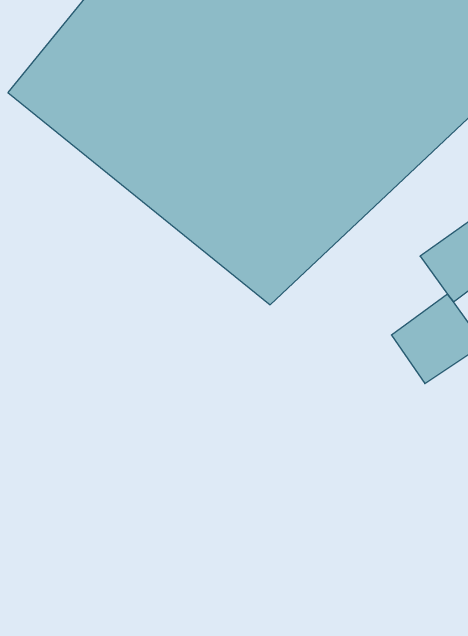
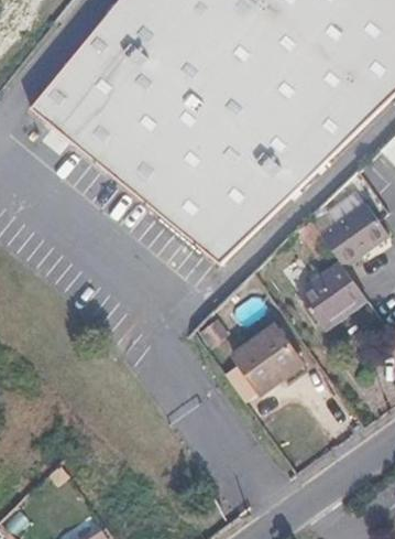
building: none -> [237,325,304,390]

